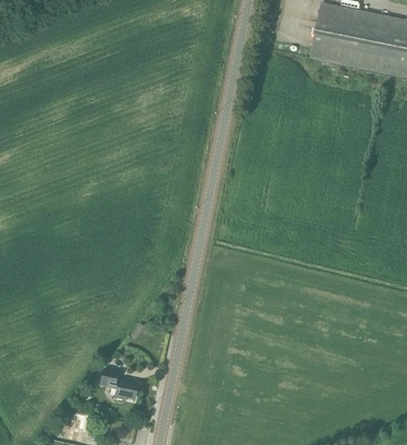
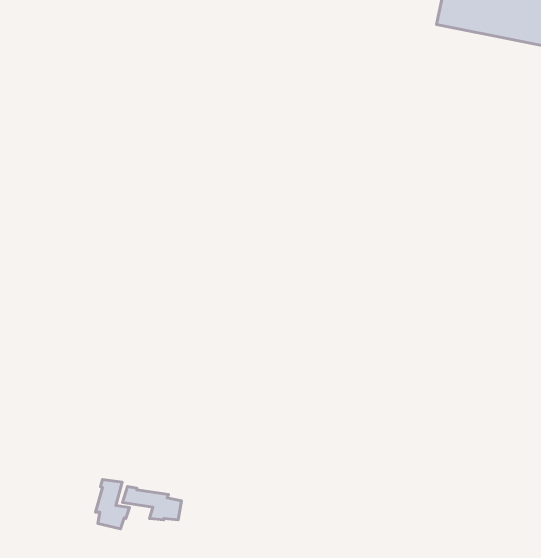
building: none -> [96,480,130,529]

